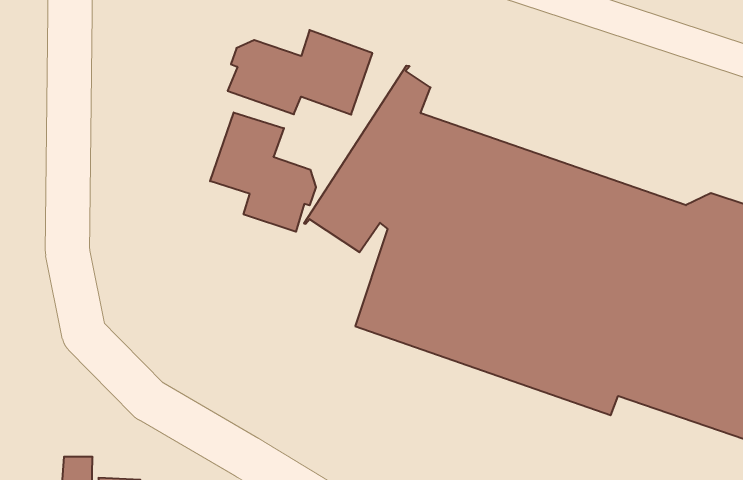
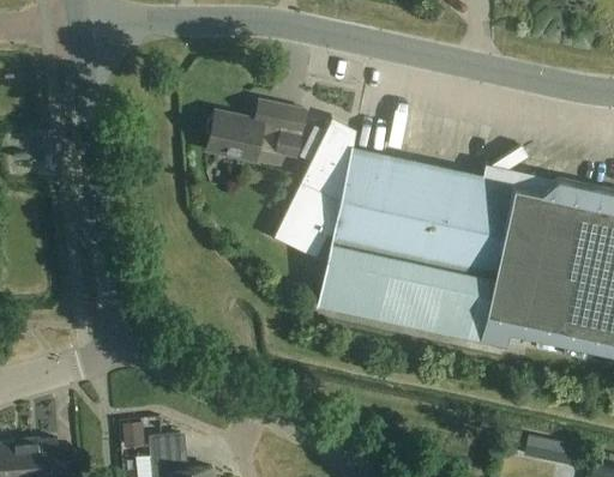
building: [210,112,316,232] -> none

